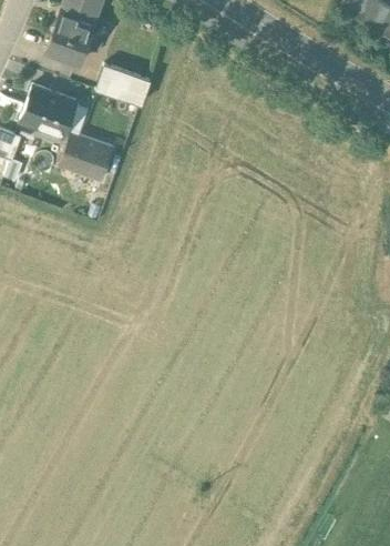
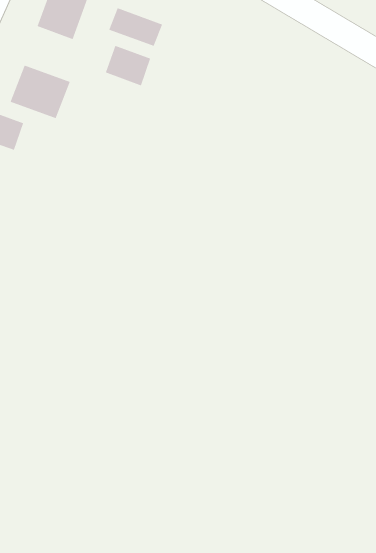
building: none -> [108,7,163,47]
building: [62,132,114,179] -> none

